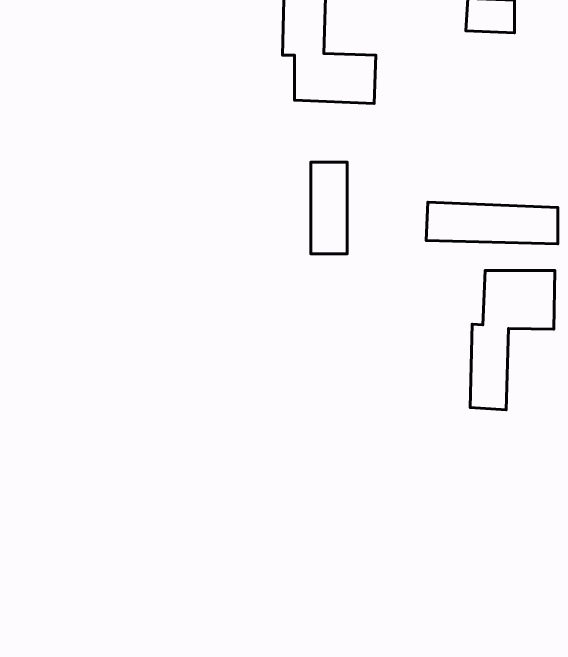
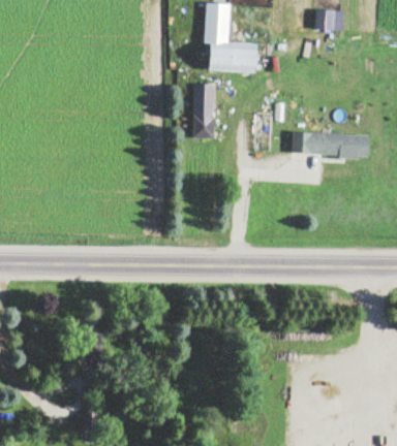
building: [311,162,347,254] -> [192,83,214,137]
building: [470,270,555,410] -> none

